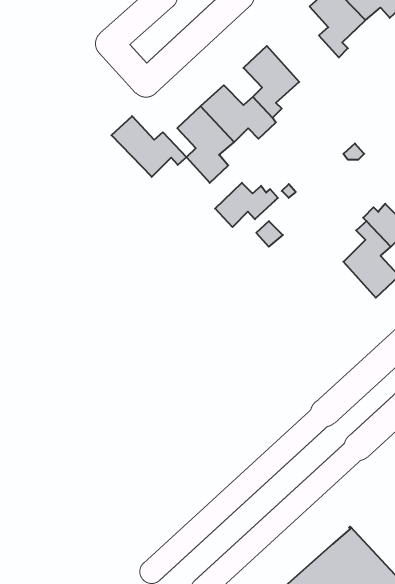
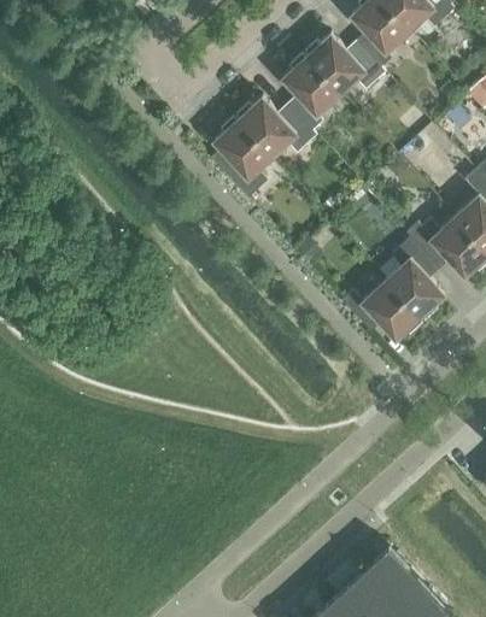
building: none -> [306,34,385,93]
building: [111,116,187,177] -> none
building: [215,183,278,227] -> none
building: none -> [341,280,420,339]

